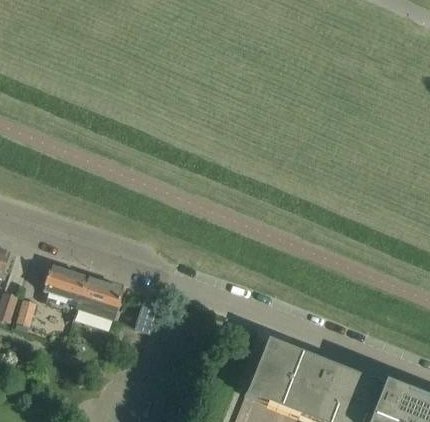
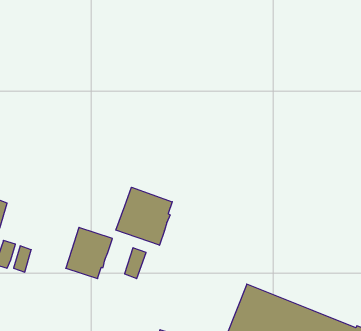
building: none -> [116,187,172,245]
building: [44,264,88,301] -> none

